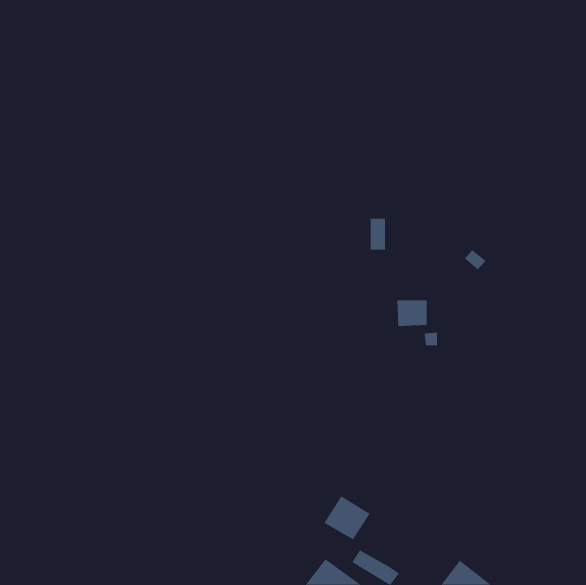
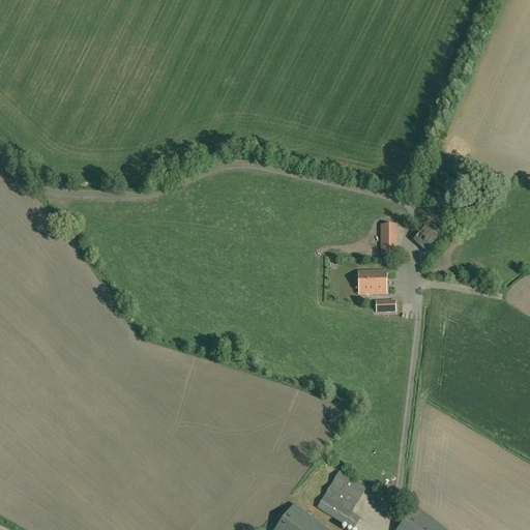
building: [370,218,386,250] -> [381,224,395,253]
building: [324,495,371,540] -> [324,470,366,510]

